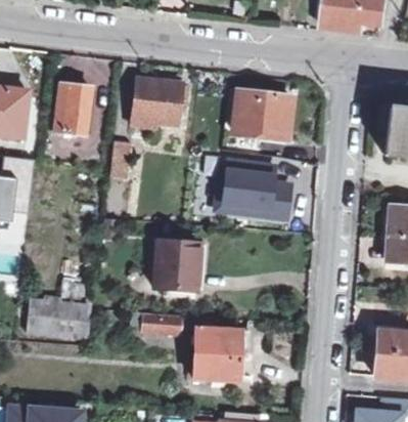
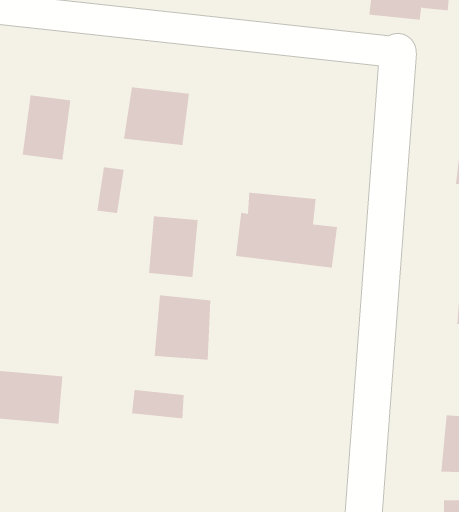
building: [234,91,290,138] -> none
building: none -> [148,215,198,278]
building: [194,331,240,383] -> none

